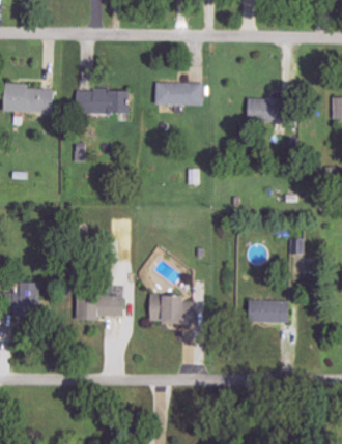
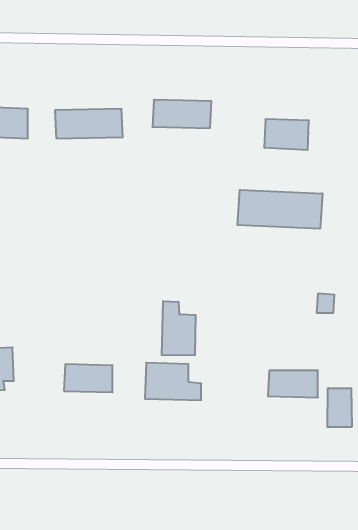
building: none -> [237,190,323,229]
building: none -> [162,301,196,355]
building: none -> [327,388,352,427]

